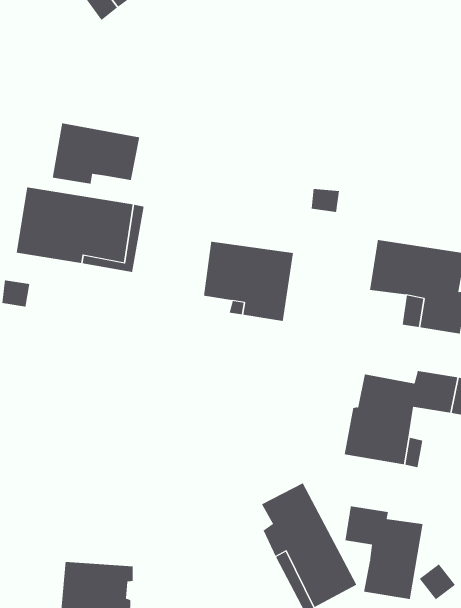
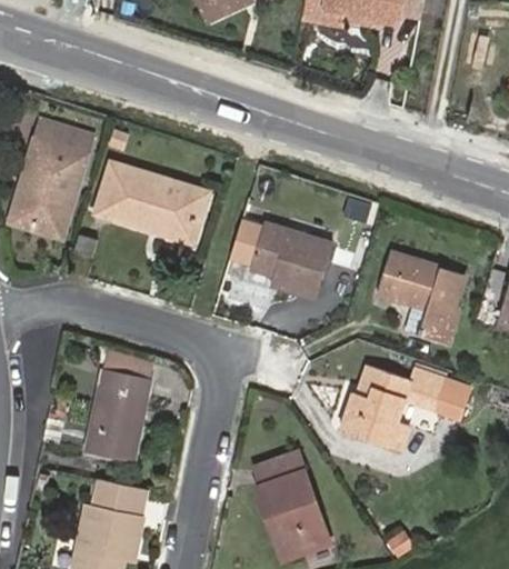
building: [52,123,140,184] -> none
building: none -> [88,367,153,460]
building: [345,505,423,600] -> none

